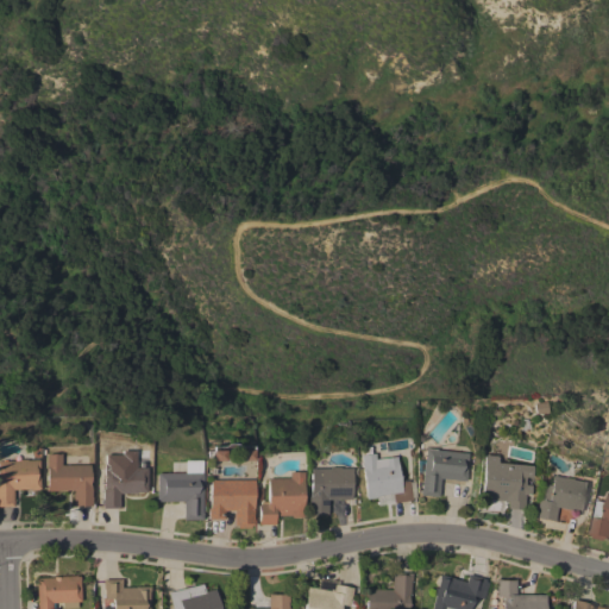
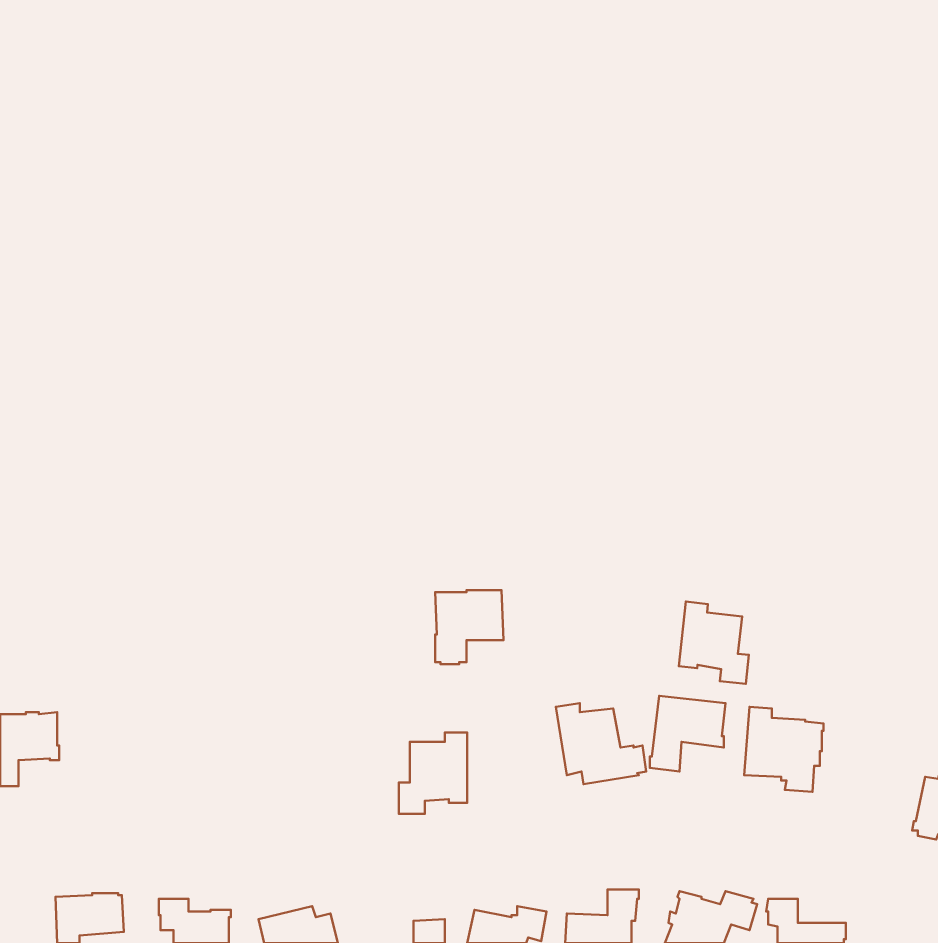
building: none -> [679,602,749,684]
building: [105,451,149,508] -> none
building: [49,454,95,506] -> none
building: [158,460,206,520] -> none
building: [310,467,354,515] -> [435,590,503,664]
building: [538,475,590,521] -> none
building: [209,479,256,528] -> none

